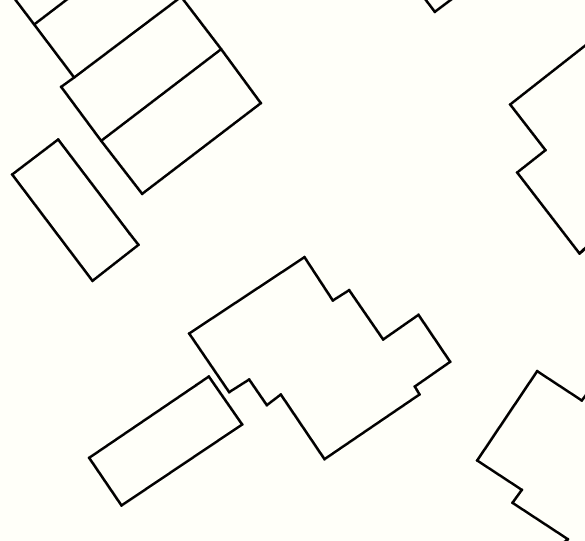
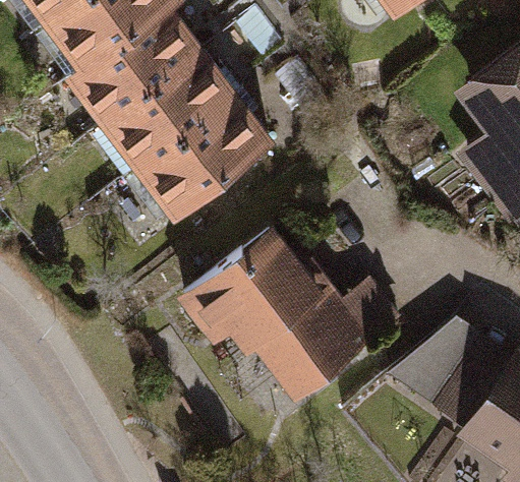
building: none -> [135,95,274,219]
building: [12,140,139,281] -> none
building: [89,376,242,506] -> none

